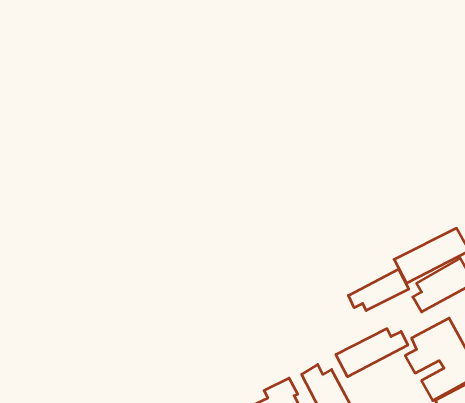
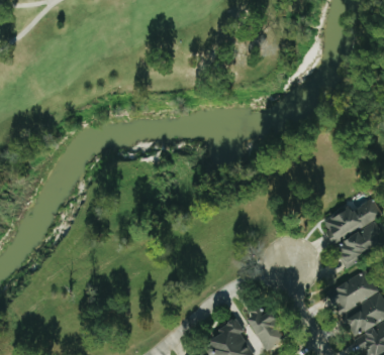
building: [348,269,409,311] -> none
building: [336,329,408,377] -> none

